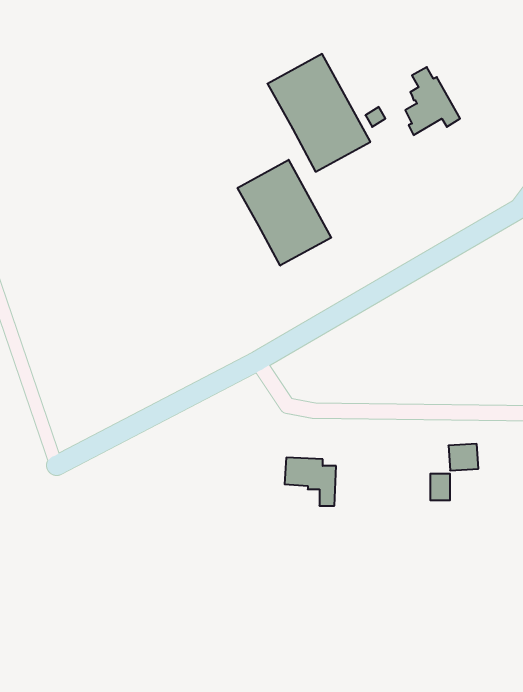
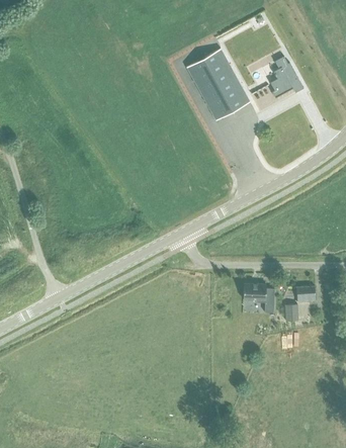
building: [238,160,331,266] -> none
building: [285,458,336,506] -> [242,281,273,310]

